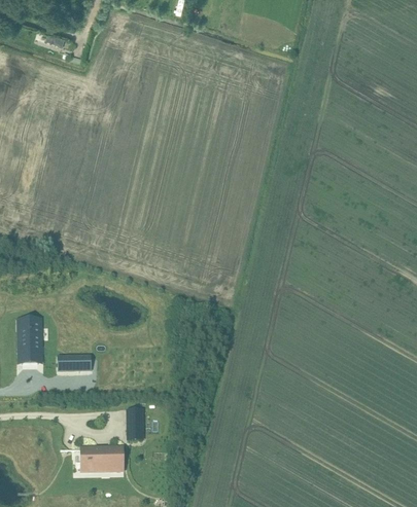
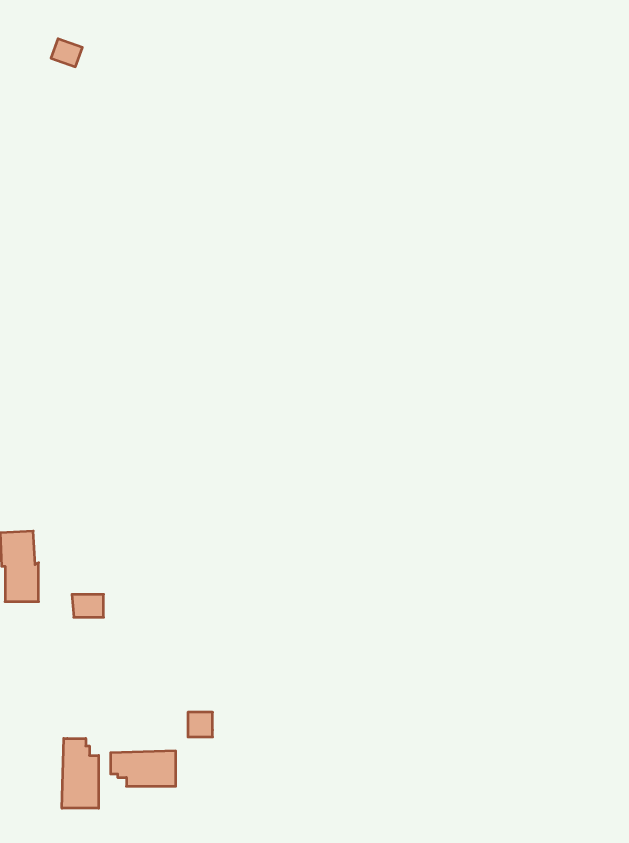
building: none -> [62,738,99,808]

